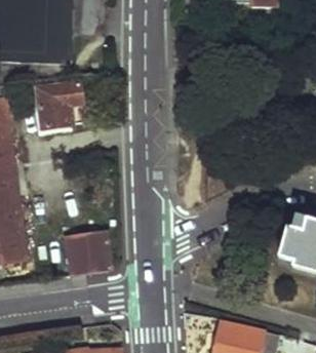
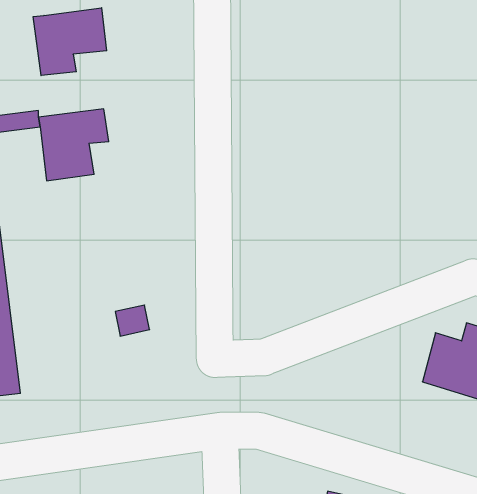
building: none -> [33,8,107,76]
building: [66,230,111,275] -> none

